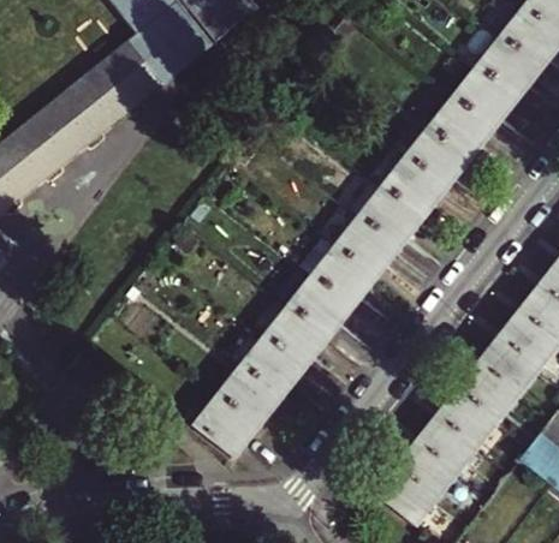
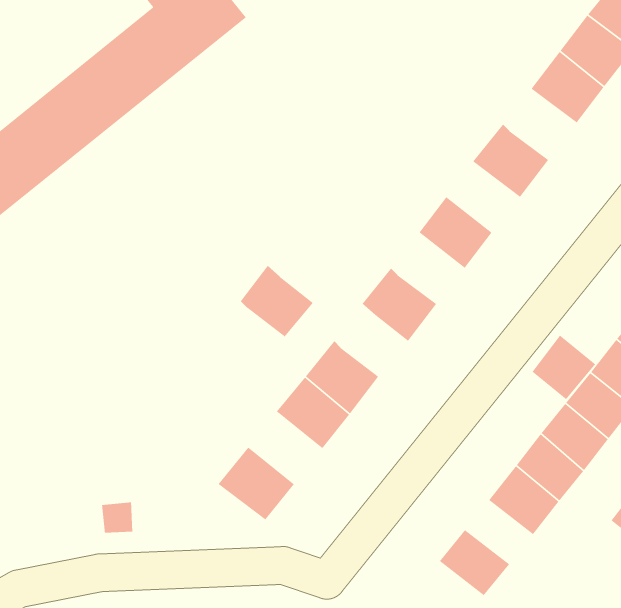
building: [432,95,493,154] -> none
building: [385,155,446,214] -> none
building: [339,214,400,273] -> none
building: [292,273,353,333] -> [240,265,314,338]
building: none -> [532,335,596,400]
building: [221,362,283,422] -> none
building: [400,435,457,488] -> none

